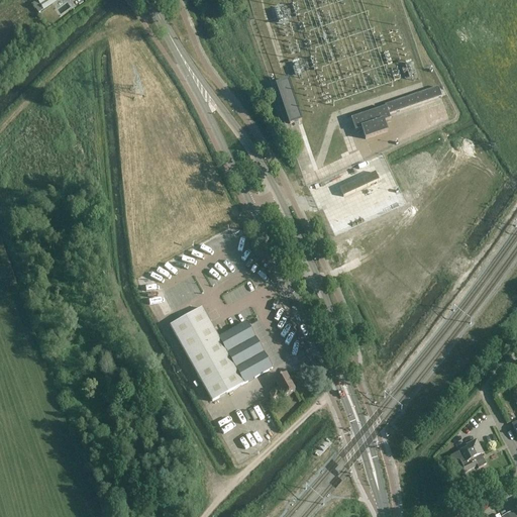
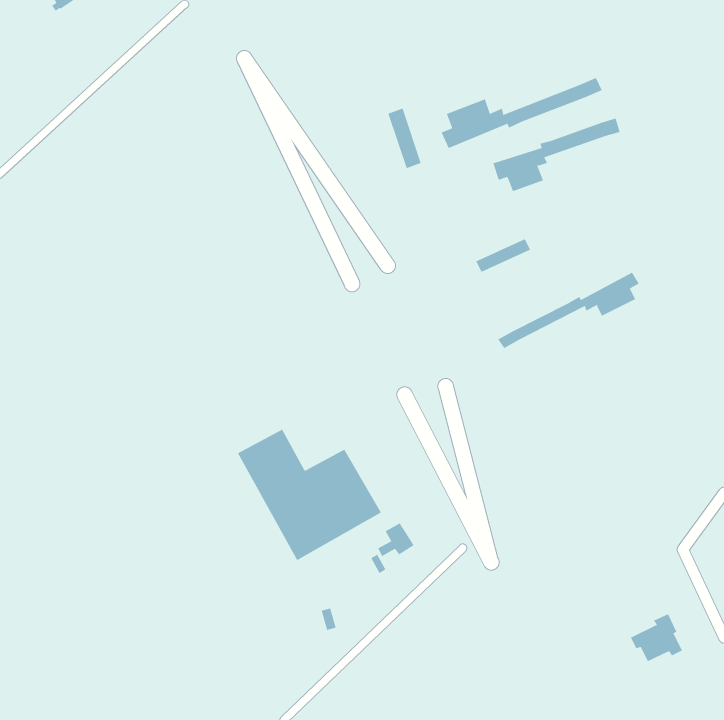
building: none -> [441,77,603,149]
building: none -> [498,272,640,349]

